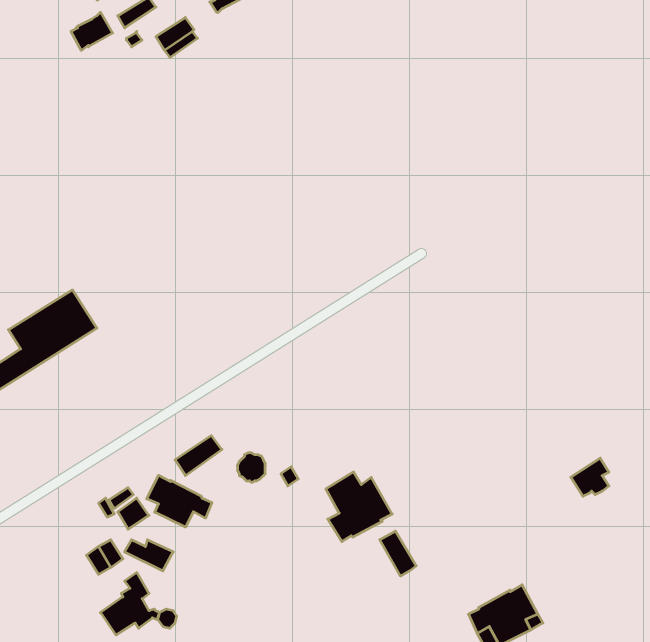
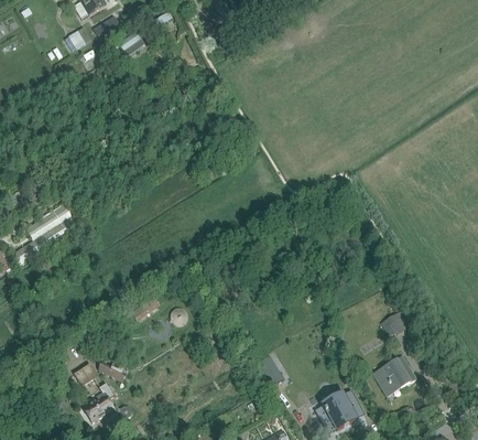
building: [326,472,392,542] -> none
building: [147,475,212,527] -> none
building: none -> [372,355,415,395]

